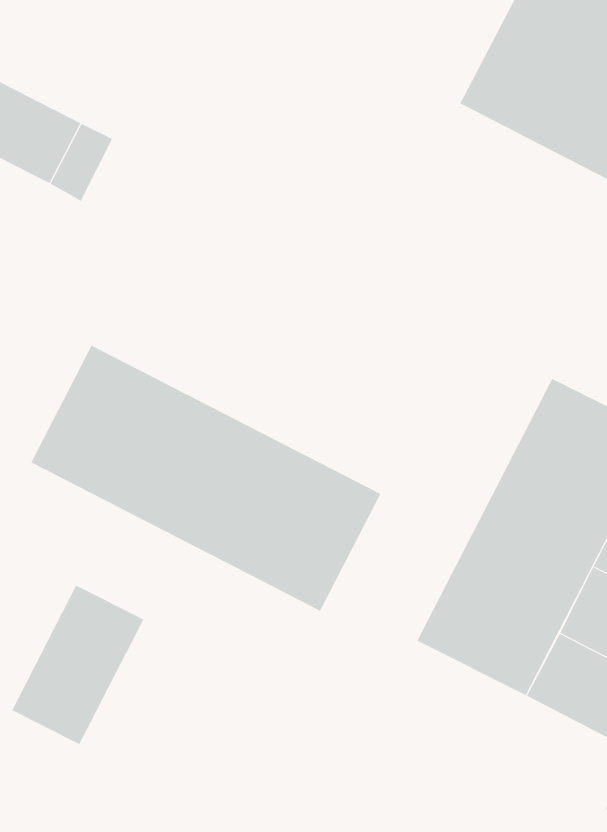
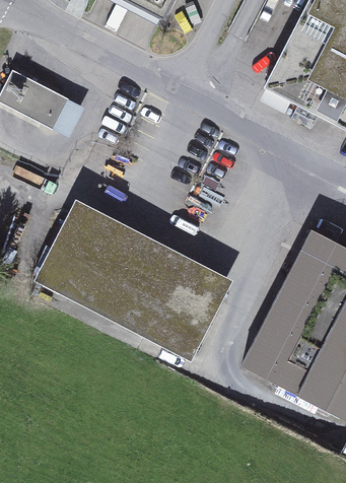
building: [11,585,144,745] -> none

